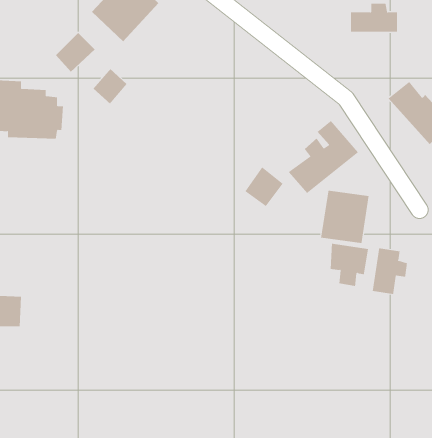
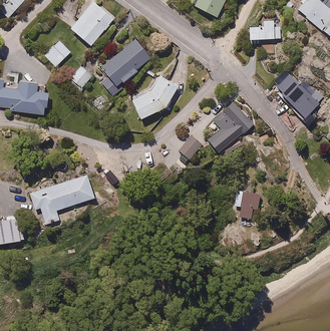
building: none -> [101,36,151,97]
building: none -> [130,73,178,118]
building: [321,190,369,244] -> none
building: none -> [30,173,95,223]
building: [372,248,408,295] -> none

